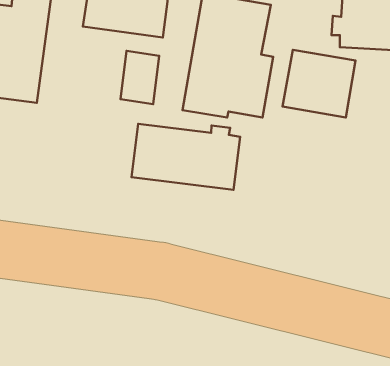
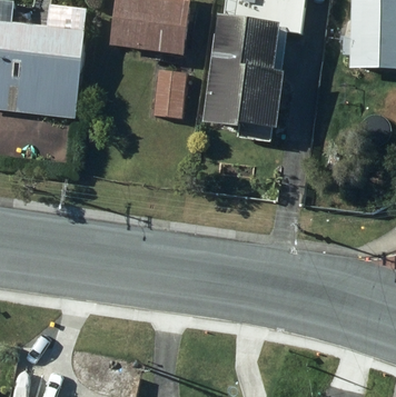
building: [282,50,355,118] -> none
building: [131,124,240,190] -> none

